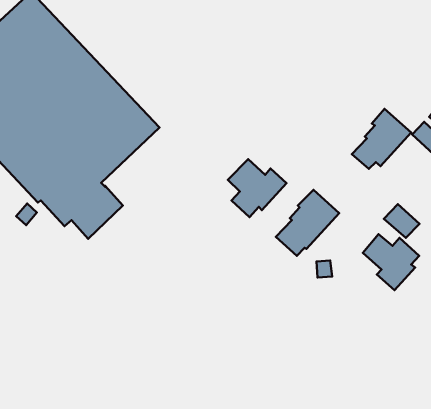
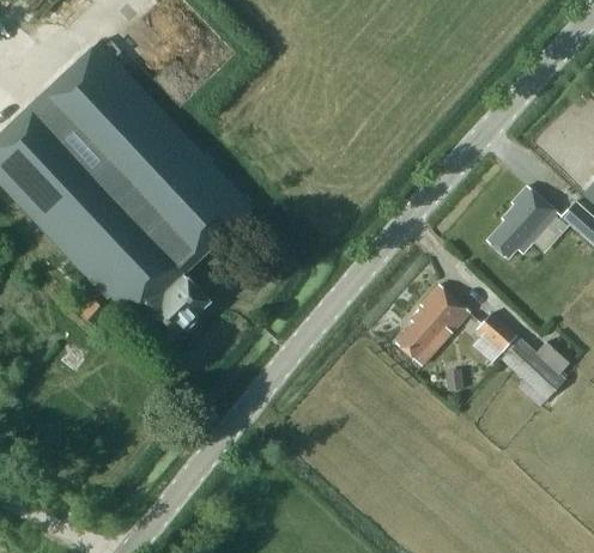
building: [228,159,286,217] -> none
building: [384,204,420,238] -> [474,311,517,352]

